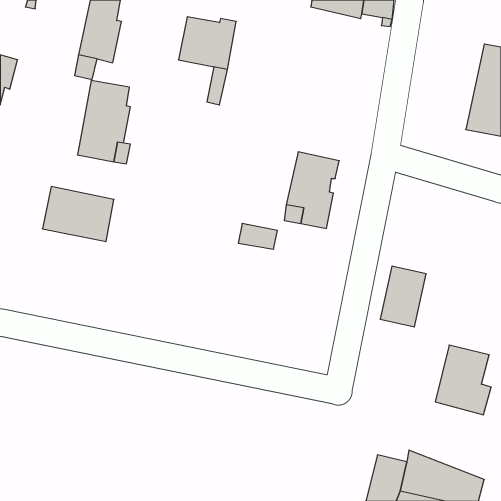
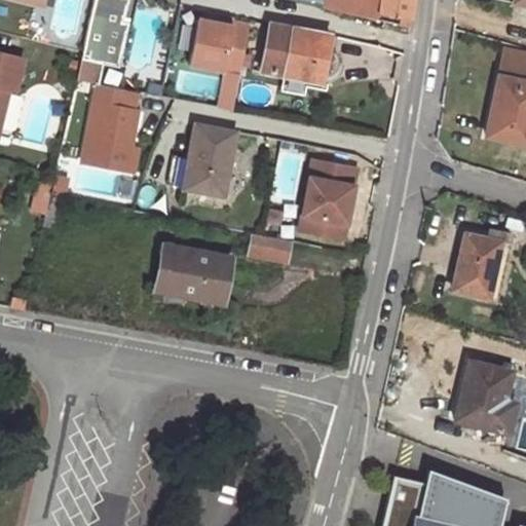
building: none -> [261,22,341,80]
building: none -> [182,123,237,197]
building: [42,187,114,242] -> [157,245,232,302]
building: [380,266,426,327] -> [454,233,502,297]

